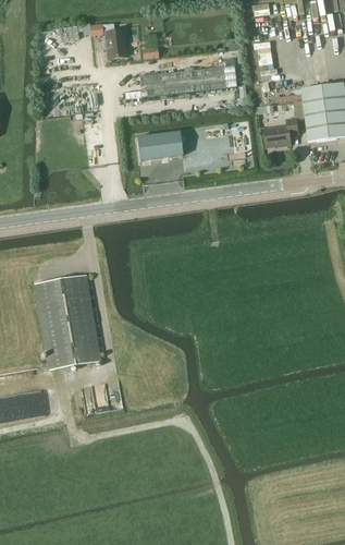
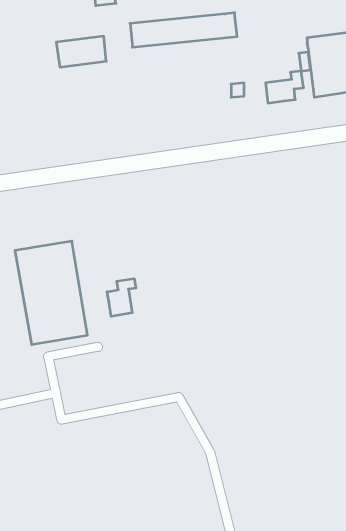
building: [137,131,183,159] -> [56,36,106,67]
building: none -> [107,279,136,316]

